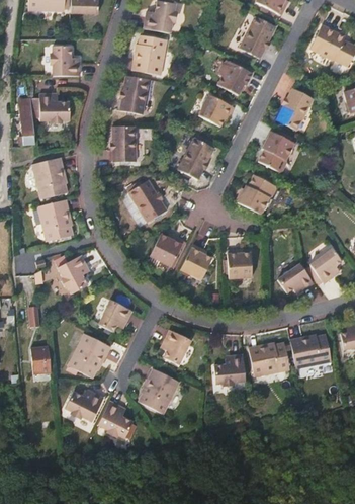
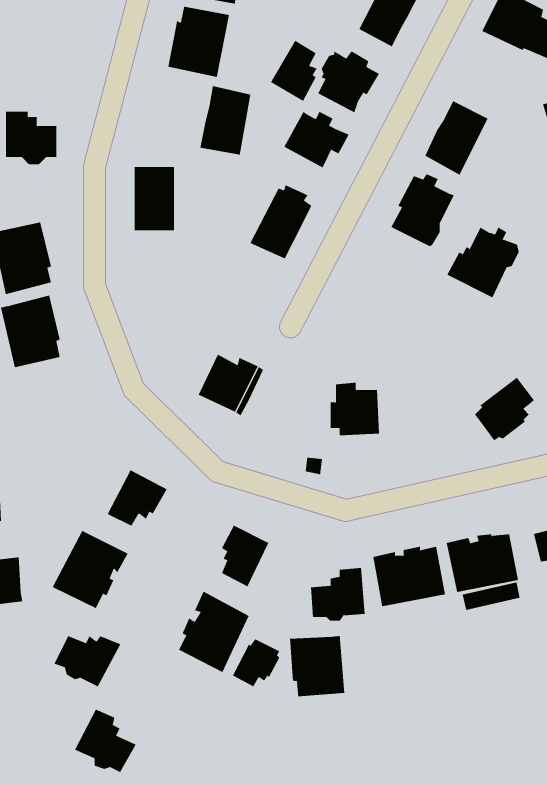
building: [49,47,79,76] -> none
building: none -> [270,40,318,102]
building: [119,76,149,115] -> [200,86,251,155]
building: [235,174,276,215] -> [446,227,520,298]
building: [127,180,165,223] -> none
building: [179,244,210,280] -> none
building: [55,254,89,292] -> none
building: [276,263,313,295] -> none
building: none -> [290,635,345,697]
building: none -> [232,638,280,687]
building: [99,402,135,438] -> [74,709,137,773]

